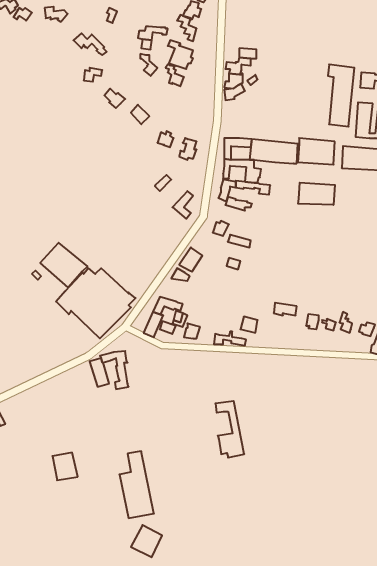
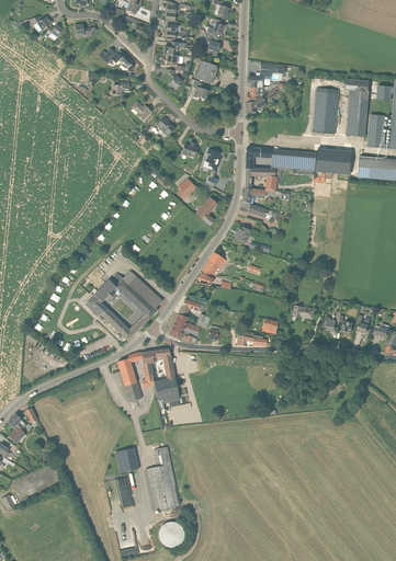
building: none -> [313,88,339,133]
building: [298,183,335,205] -> none
building: [40,243,87,288] -> none
building: [215,401,244,458] -> [151,348,179,402]
building: [52,453,78,480] -> [115,445,139,471]

